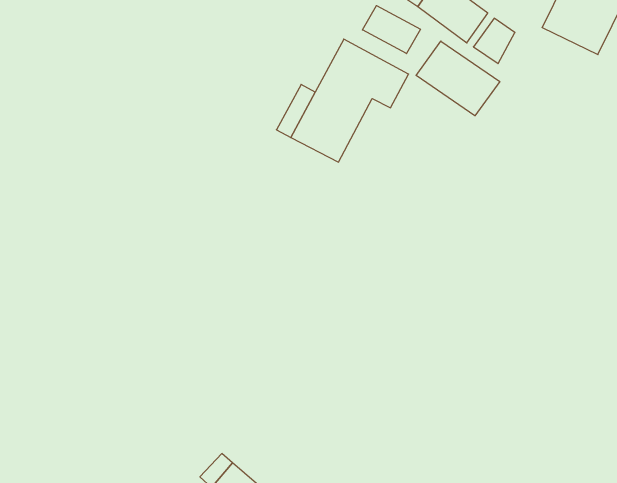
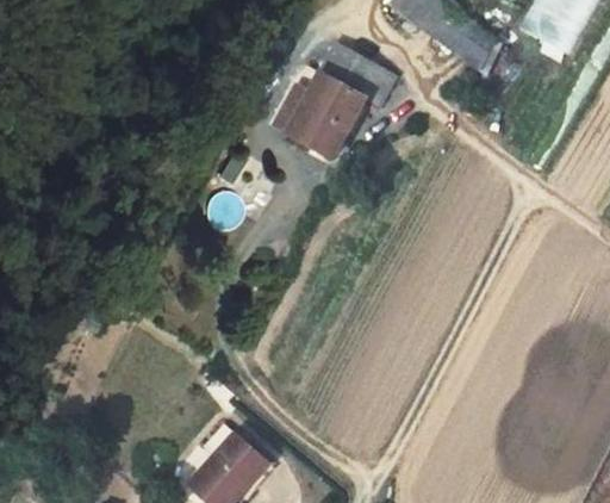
building: [362,6,420,54] -> none
building: [416,41,500,116] -> none

